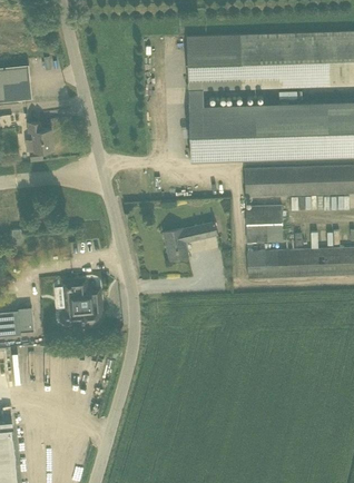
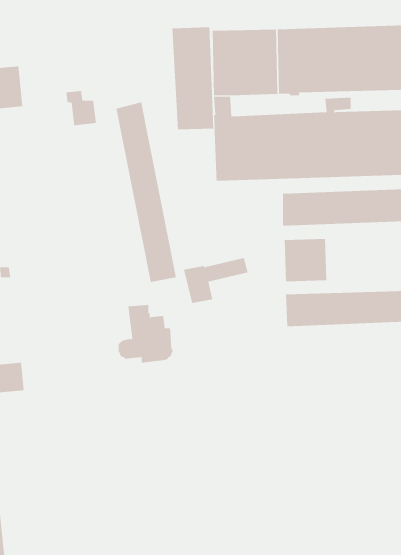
building: none -> [172,27,214,130]
building: none -> [116,101,177,283]
building: [27,122,52,151] -> [66,91,97,126]
building: [58,282,104,329] -> [118,305,173,363]

